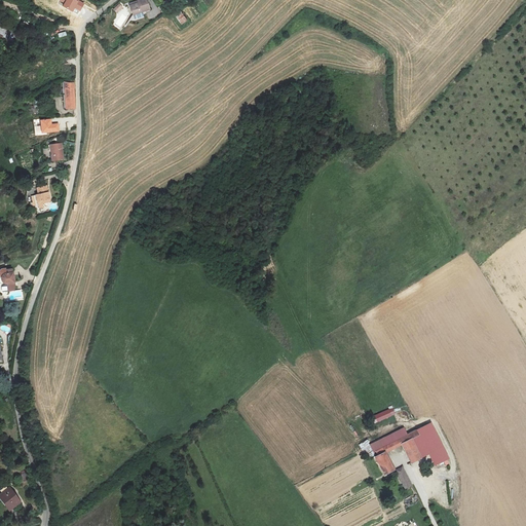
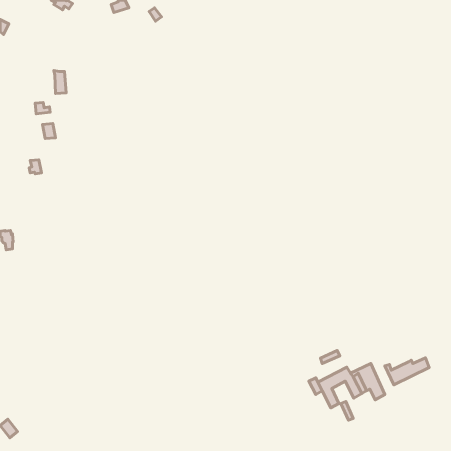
building: none -> [385,358,429,385]

